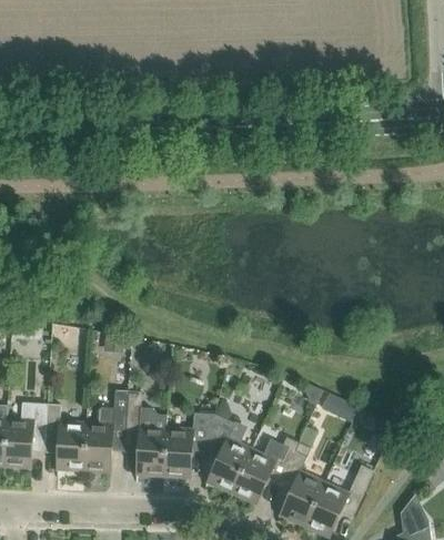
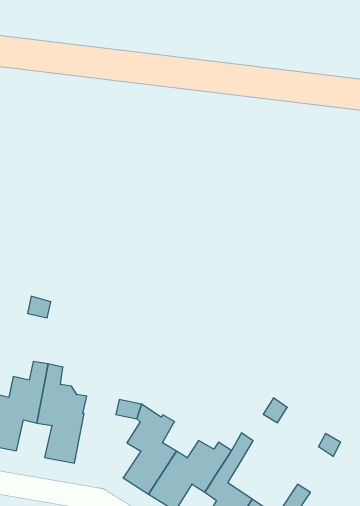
building: [163,429,193,476] -> none

